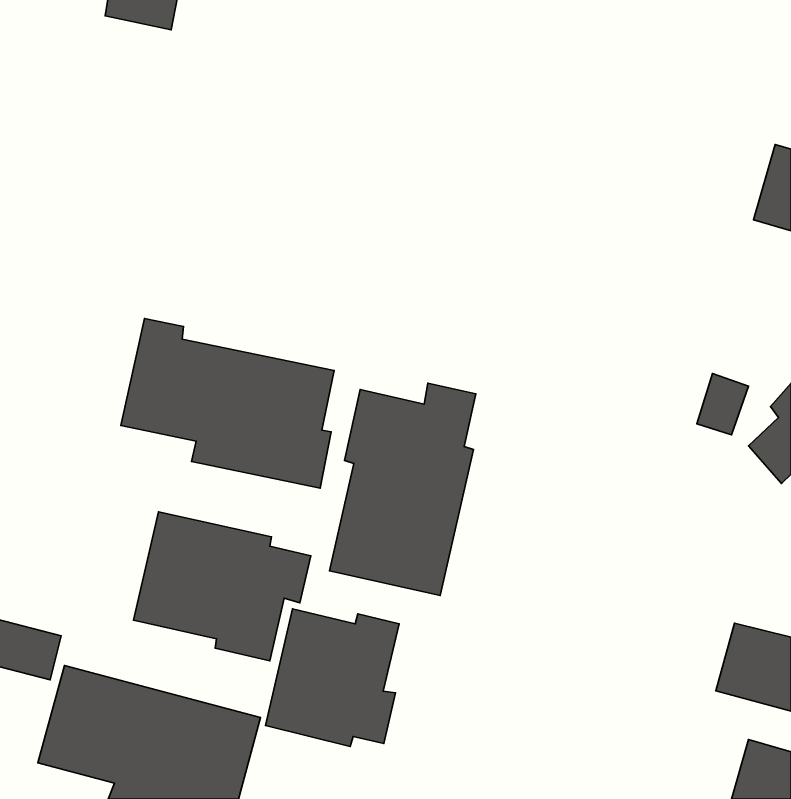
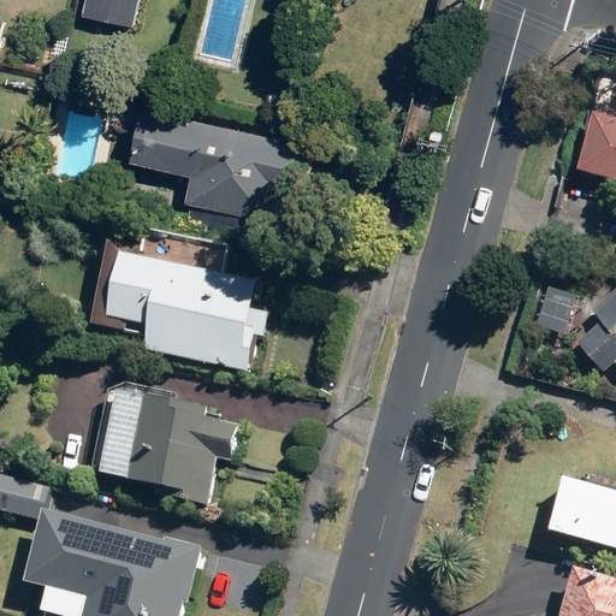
building: none -> [131,101,331,219]
building: [330,383,476,595] -> none
building: [266,609,399,746] -> none

